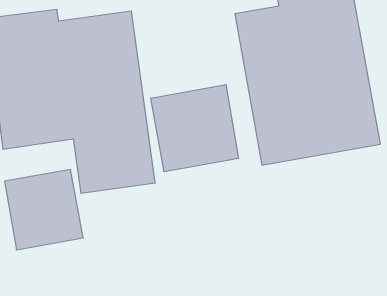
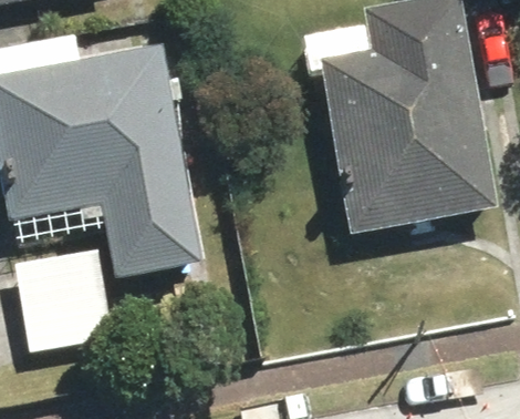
building: [151,85,238,172] -> none

